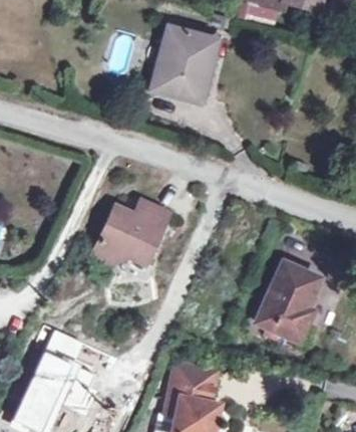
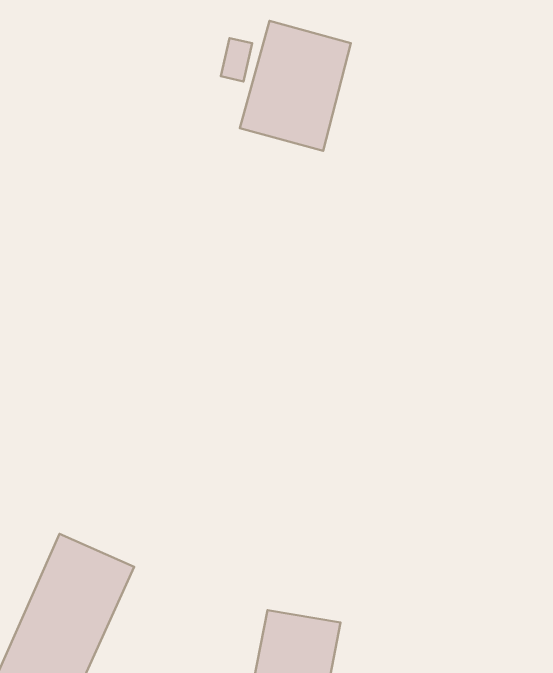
building: [94,202,170,264] -> none
building: [259,262,319,340] -> none

